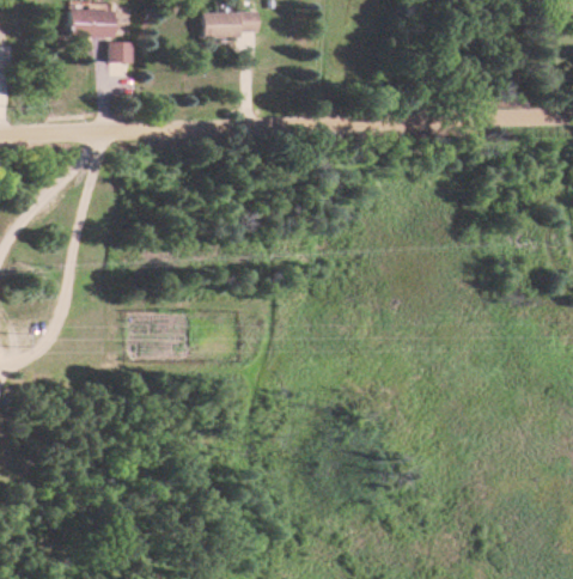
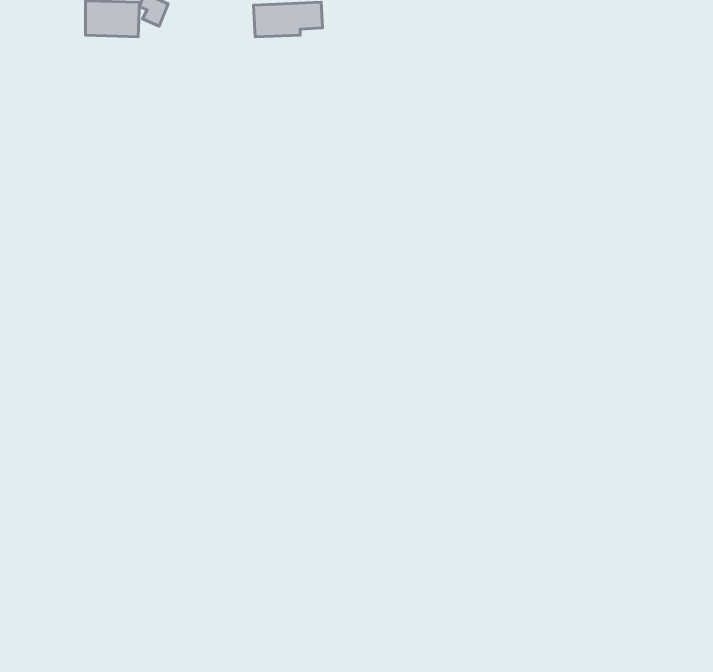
building: [109,41,133,62] -> none

